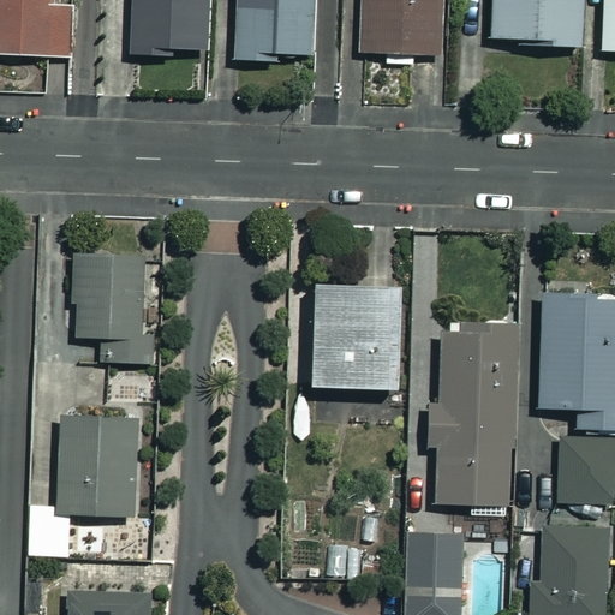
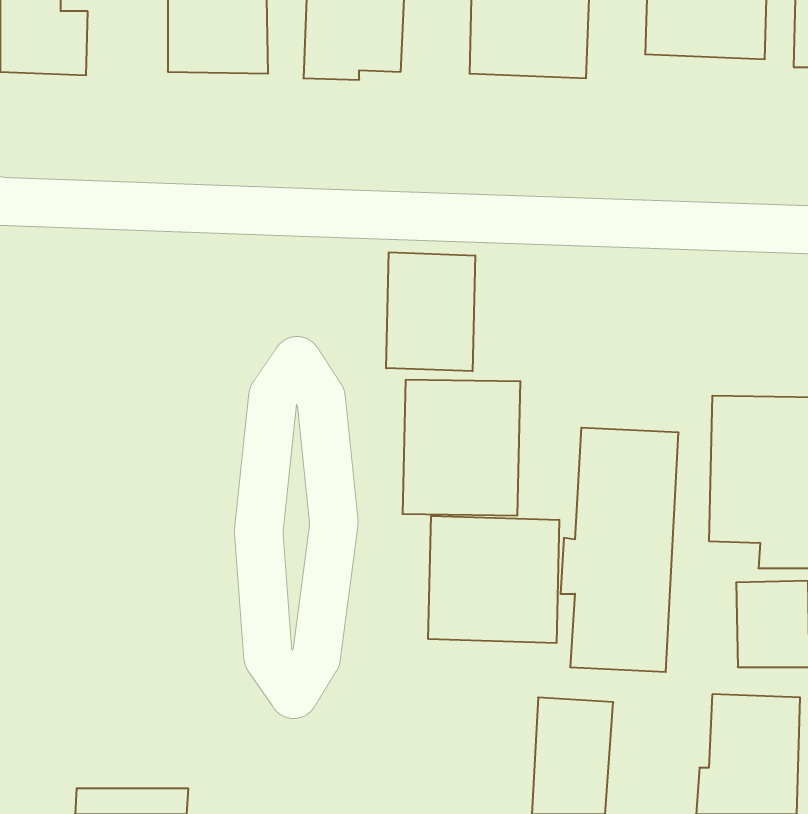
building: none -> [386,252,475,371]
building: [73,255,153,363] -> none
building: none -> [428,516,559,643]
building: [31,416,137,555] -> none

